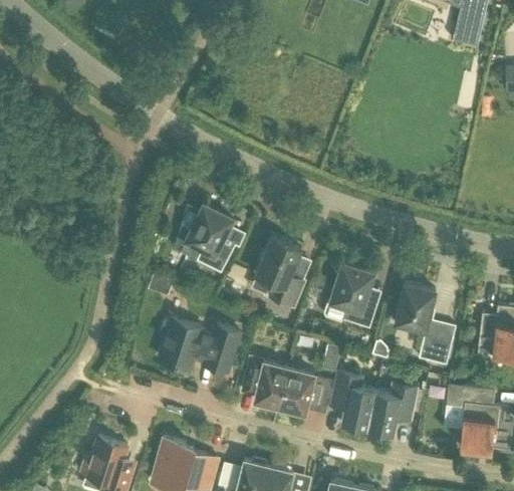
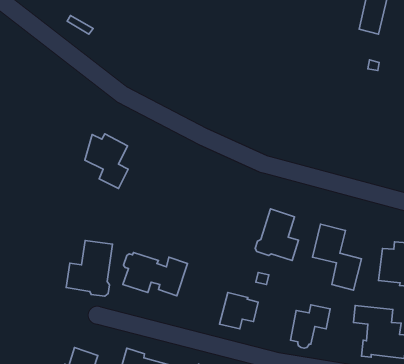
building: [180,206,234,274] -> [85,134,128,188]
building: [256,238,304,307] -> none
building: none -> [66,240,113,296]
building: [244,361,290,409] -> none
building: [333,373,375,432] -> none

